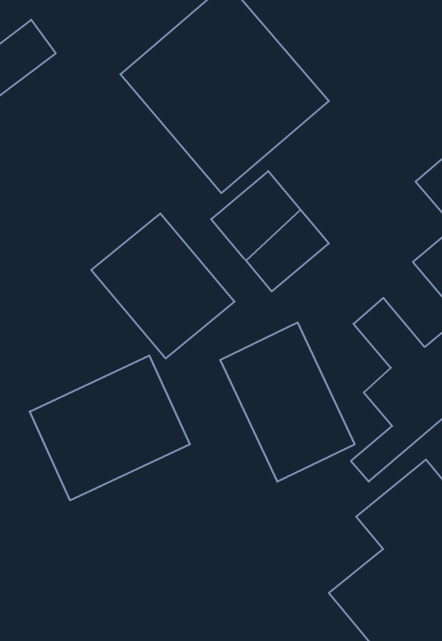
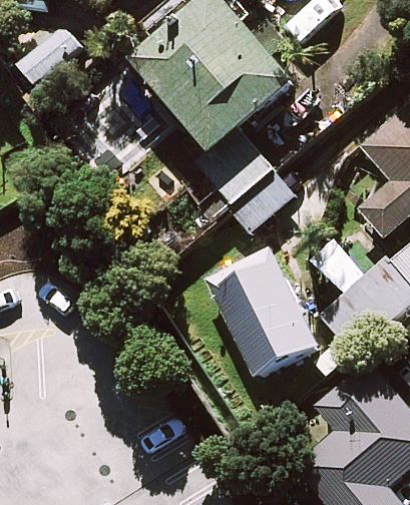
building: [91,213,235,358] -> none
building: [30,355,190,500] -> none

